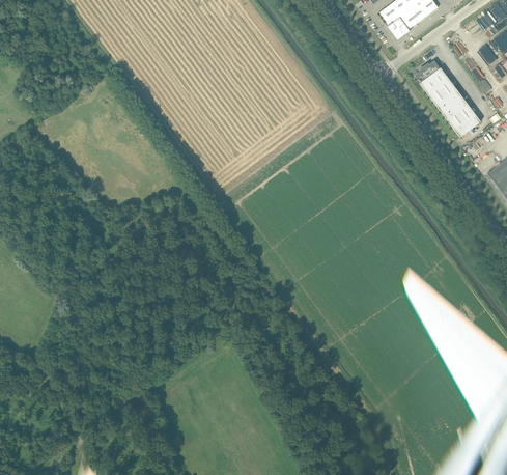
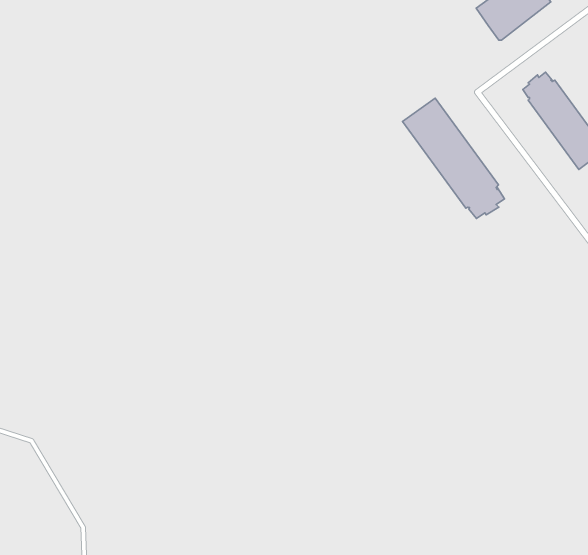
building: none -> [402,98,505,219]

